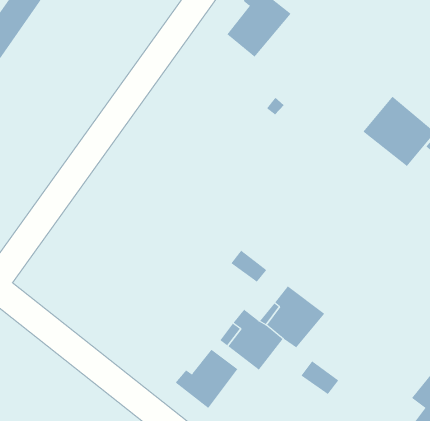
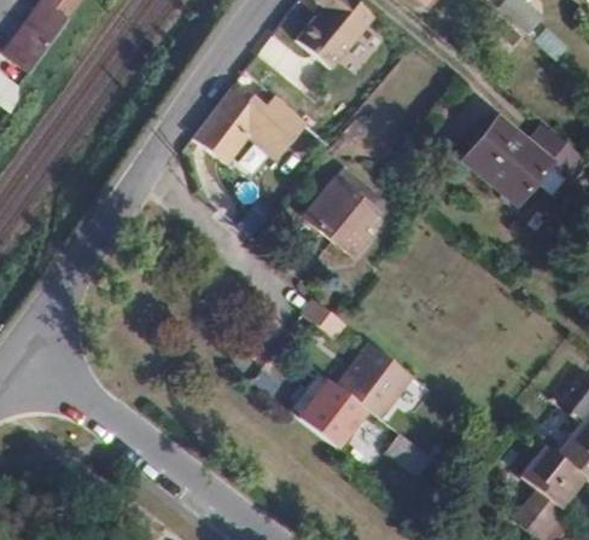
building: none -> [194,88,305,164]
building: none -> [305,167,398,259]
building: [175,349,238,409] -> none

